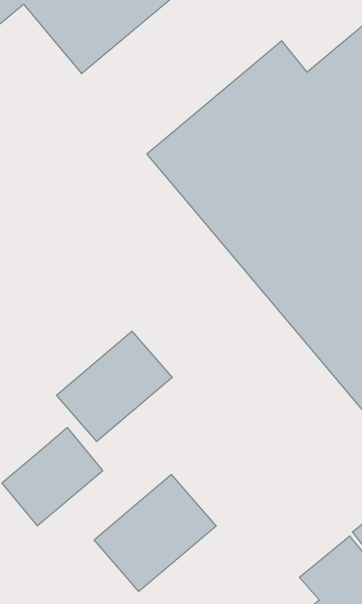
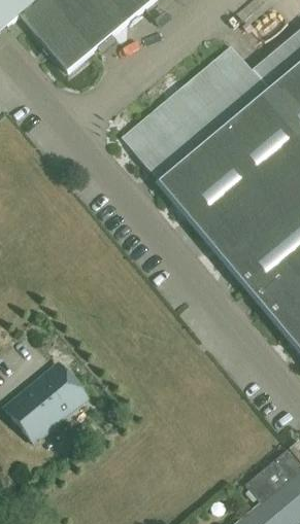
building: [56,331,172,442] -> none
building: [94,475,216,591] -> none

